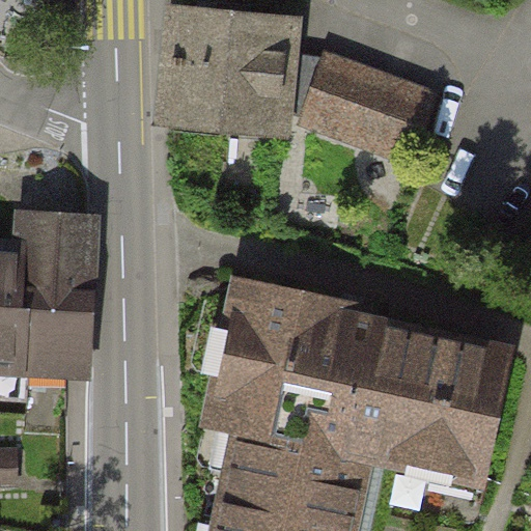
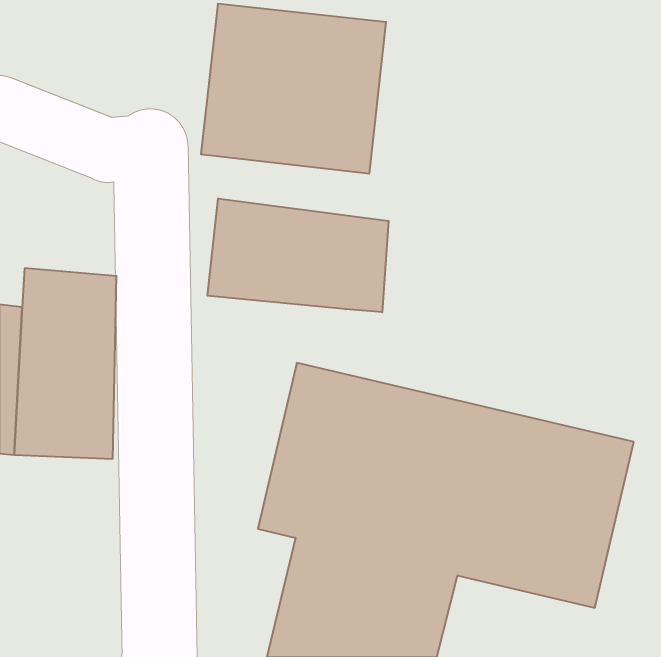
building: [311,52,437,163] -> none
building: none -> [207,198,388,312]

